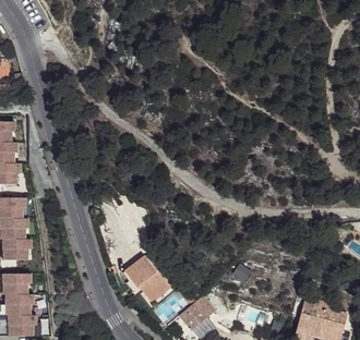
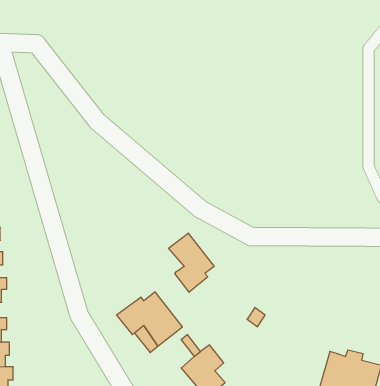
building: none -> [169,233,214,292]

